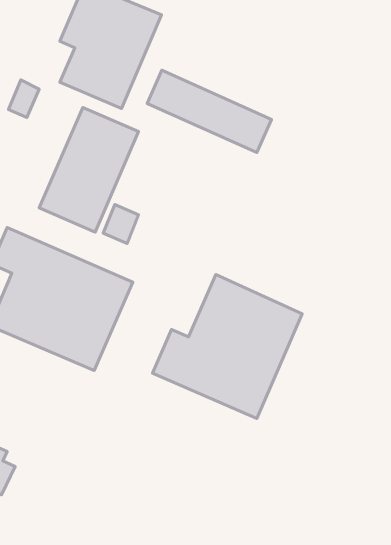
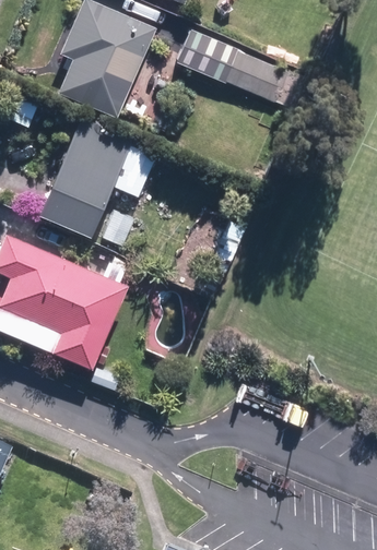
building: [147,70,272,153] -> [177,29,296,108]
building: [152,275,302,419] -> none

